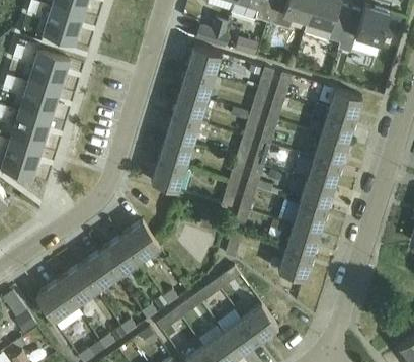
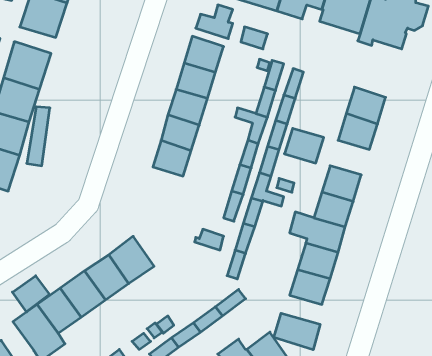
building: [314,135,348,166] -> [284,128,324,163]
building: [152,159,185,189] -> none
building: none -> [12,276,49,312]
building: none -> [274,313,320,350]

